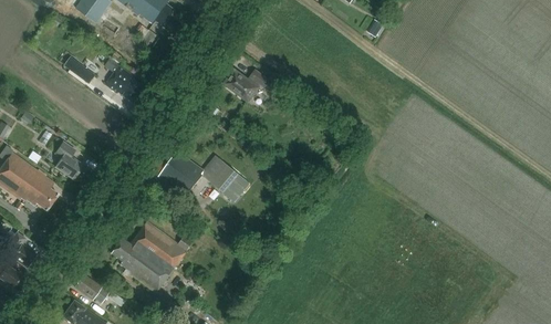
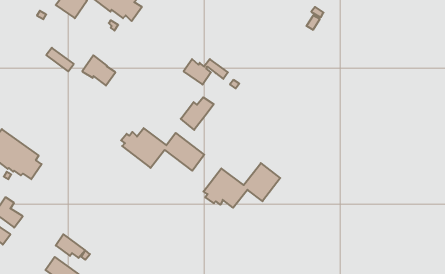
building: none -> [181,97,214,130]
building: [54,142,83,179] -> none
building: none -> [203,163,280,208]
building: [110,221,191,293] -> none

